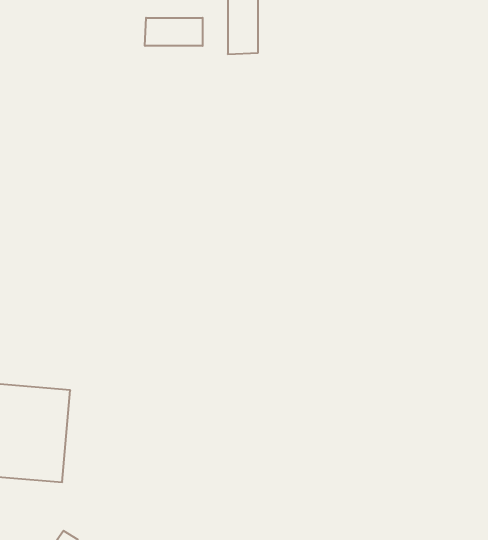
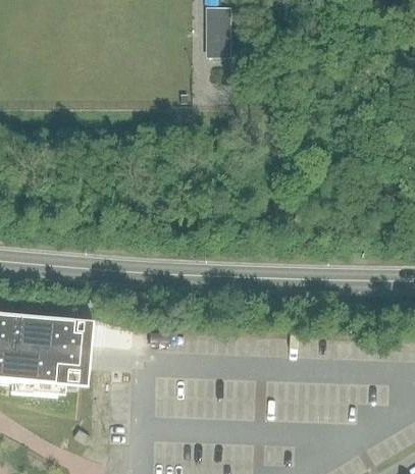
building: [145,18,203,46] -> none

